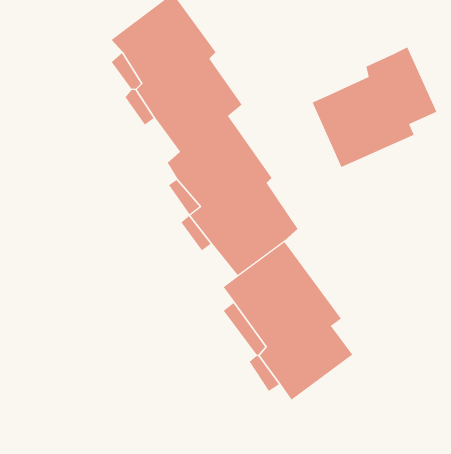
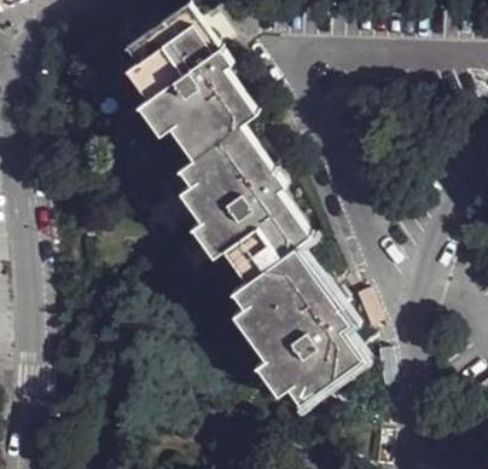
building: [312,47,437,168] -> none

